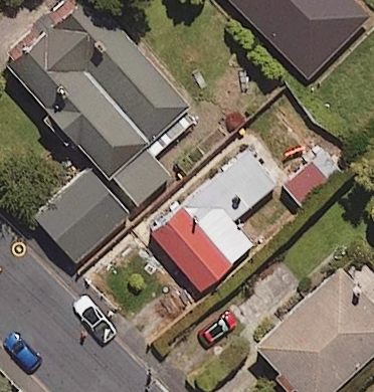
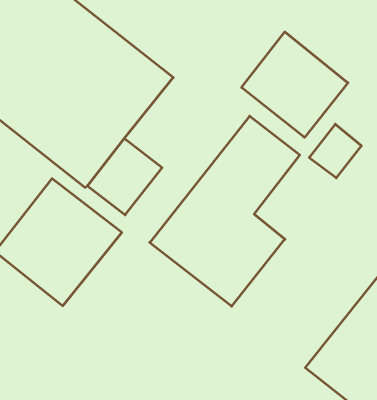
building: none -> [242,32,348,137]

